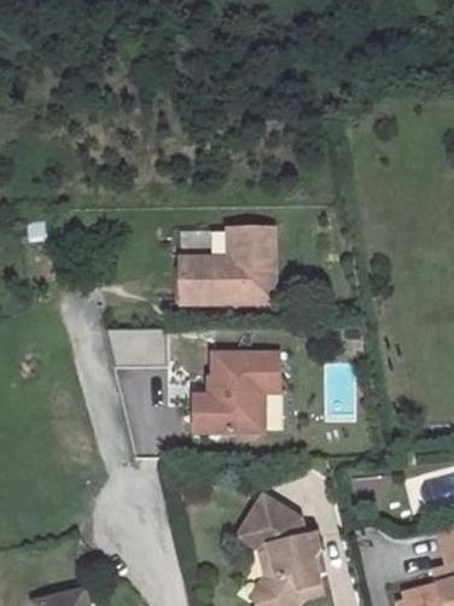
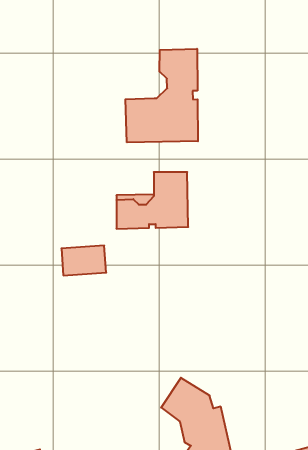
building: none -> [125,49,198,142]
building: [196,352,281,433] -> none

